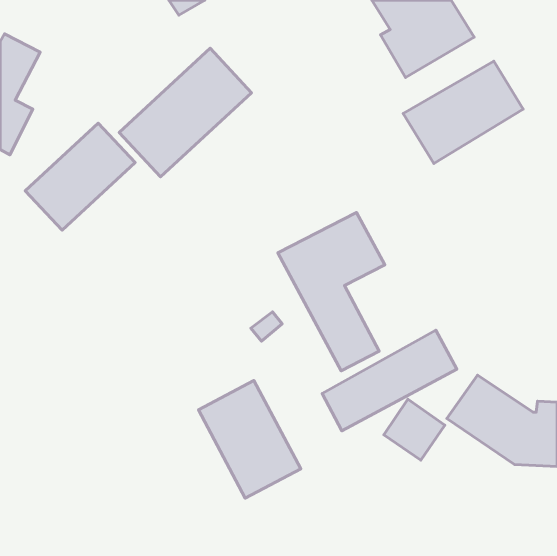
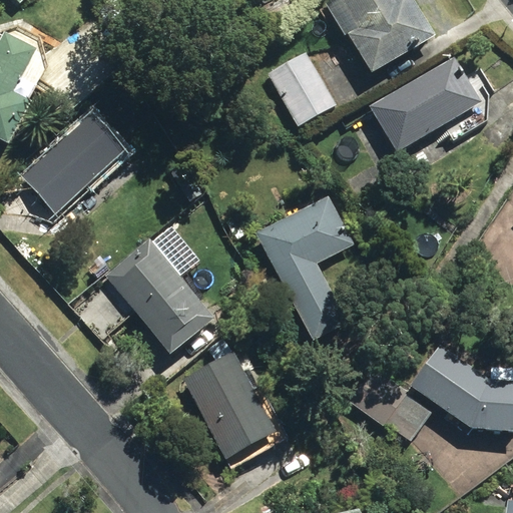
building: [119,48,251,177] -> none
building: none -> [269,53,337,126]
building: none -> [104,237,215,355]
building: [322,330,457,431] -> none

